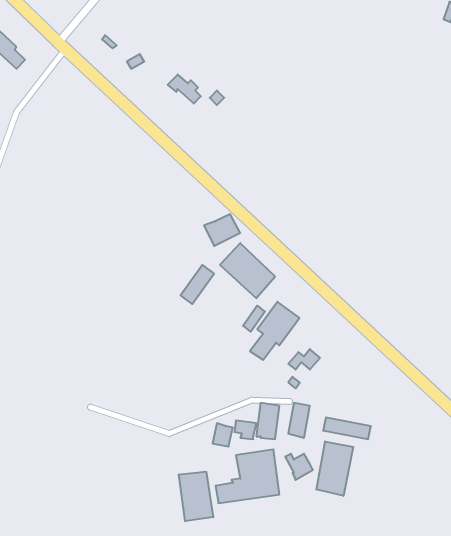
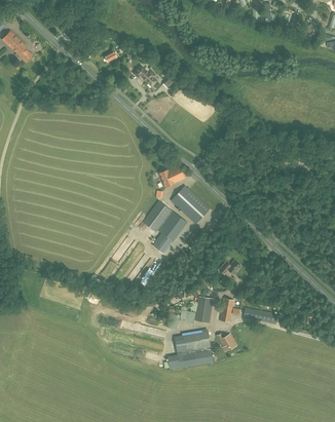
building: [250,302,299,360] -> [152,210,187,252]
building: [316,441,353,496] -> none
building: [179,472,213,521] -> none

